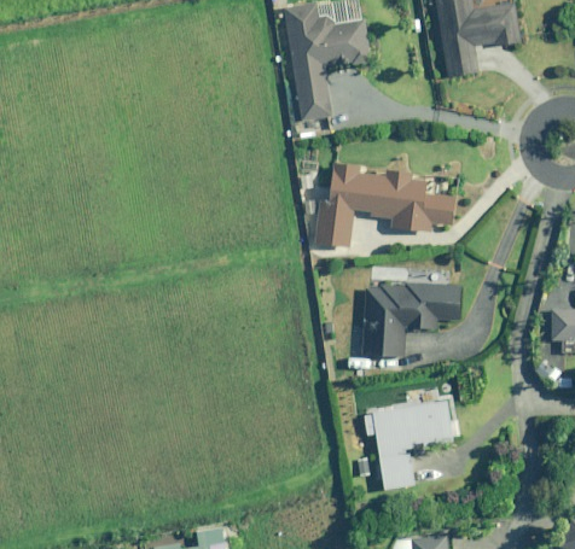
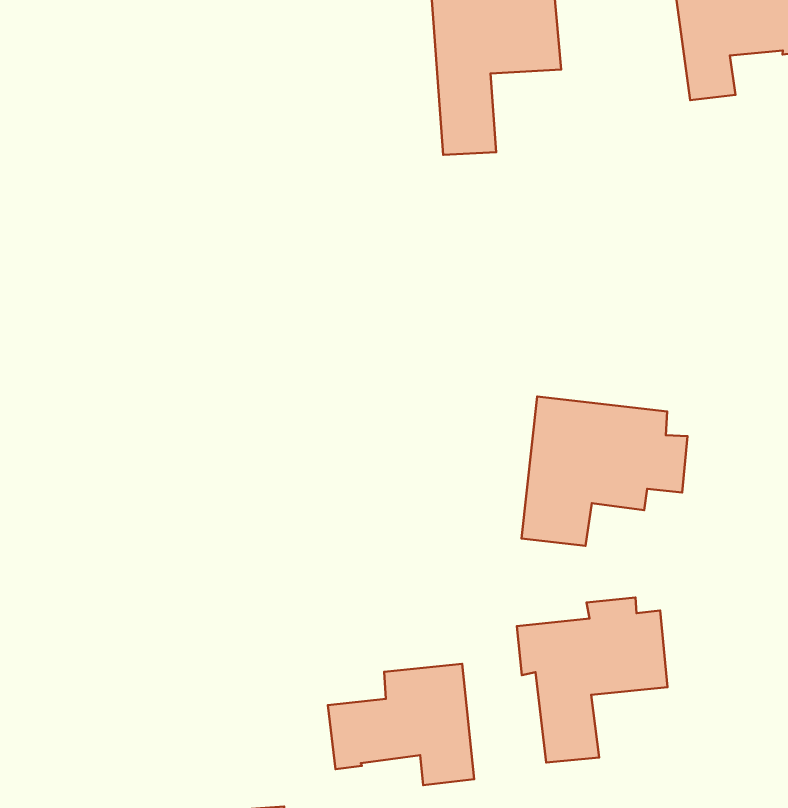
building: [315,165,455,245] -> none
building: none -> [328,664,474,785]

